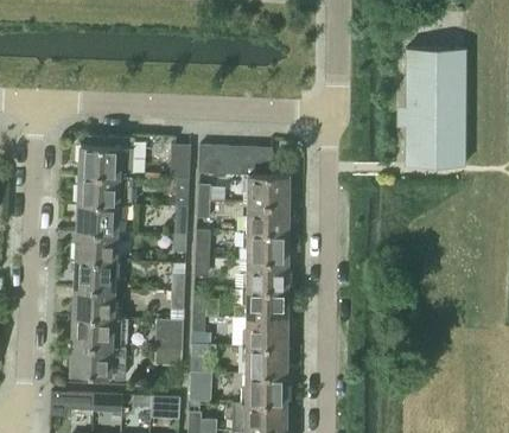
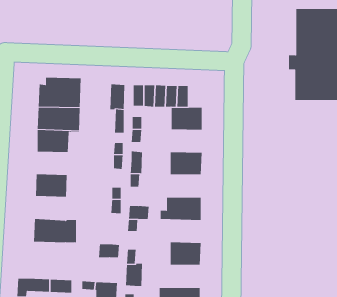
building: [247,203,288,233] -> none
building: [76,231,117,261] -> none
building: [242,261,287,289] -> none
building: [74,288,115,319] -> none
building: [247,318,287,348] -> none
building: [157,320,184,350] -> none
building: [71,346,126,376] -> none
building: [246,376,286,405] -> none

